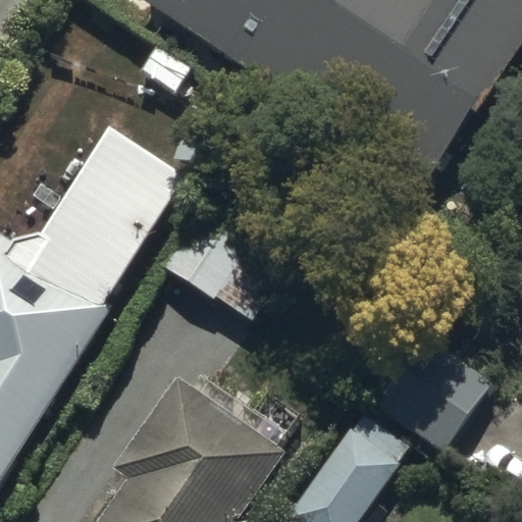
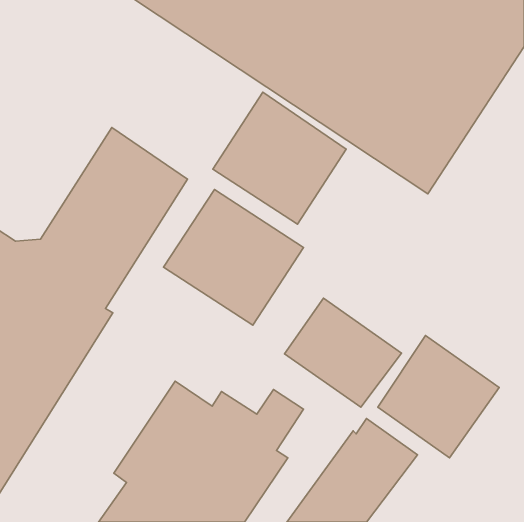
building: none -> [213,92,346,224]
building: none -> [284,298,402,407]

